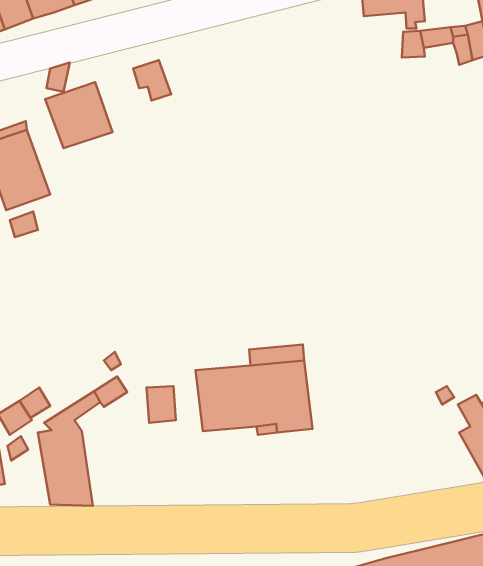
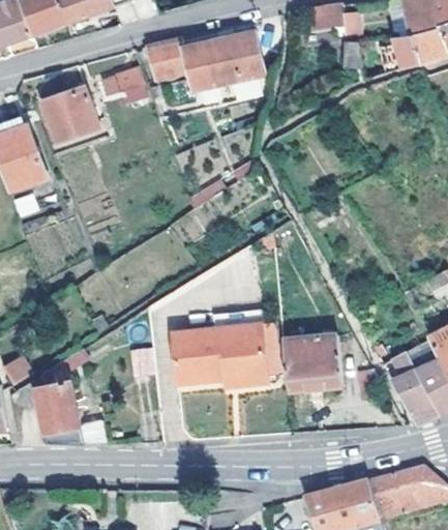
building: none -> [144,31,265,90]
building: none -> [282,335,341,392]

